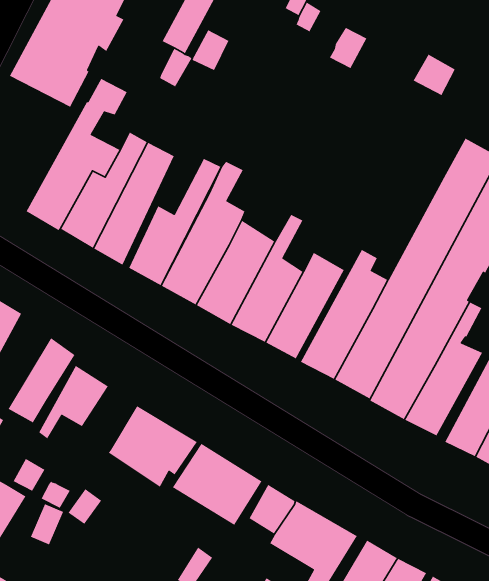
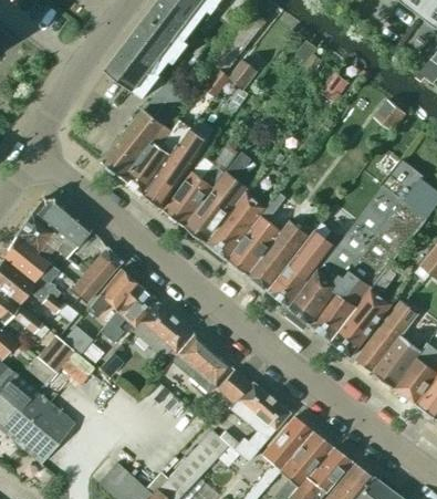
building: none -> [100,287,156,342]

